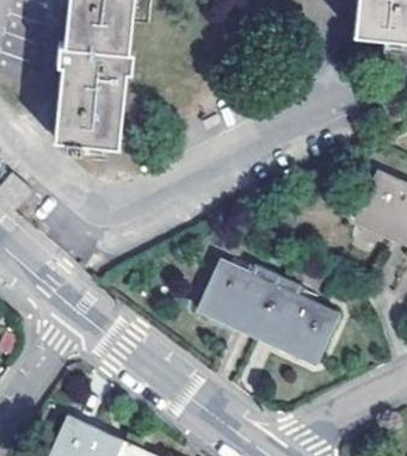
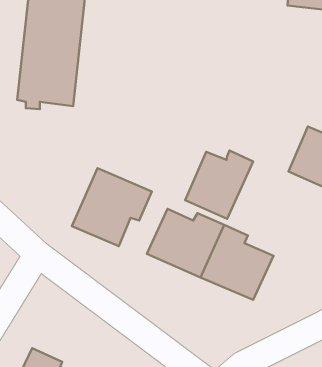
building: none -> [185,150,253,219]
building: none -> [72,168,152,246]

